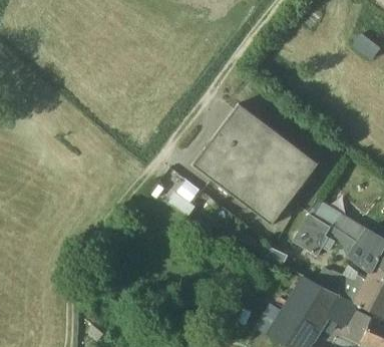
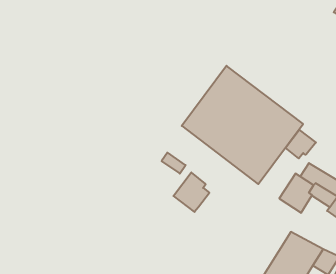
building: none -> [285,130,316,158]
building: none -> [173,172,209,212]

